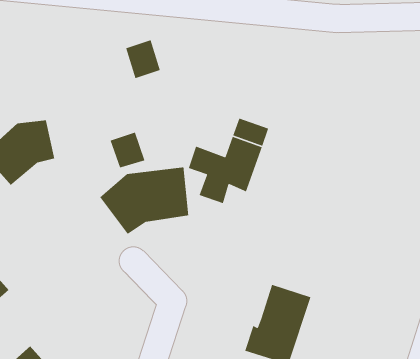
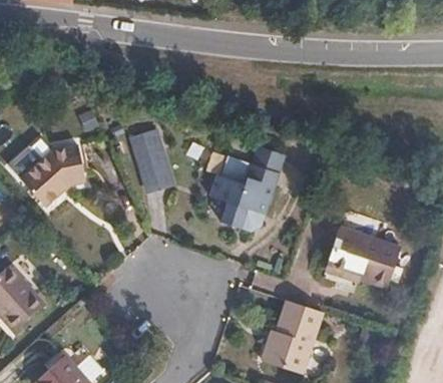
building: [125,39,161,79] -> [128,129,161,166]
building: [99,166,189,235] -> none
building: none -> [327,224,401,287]

